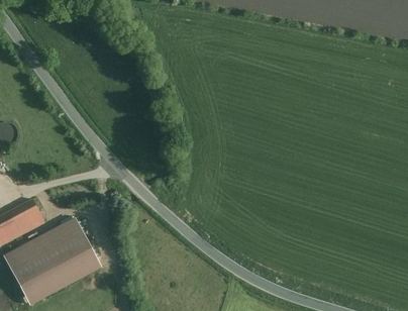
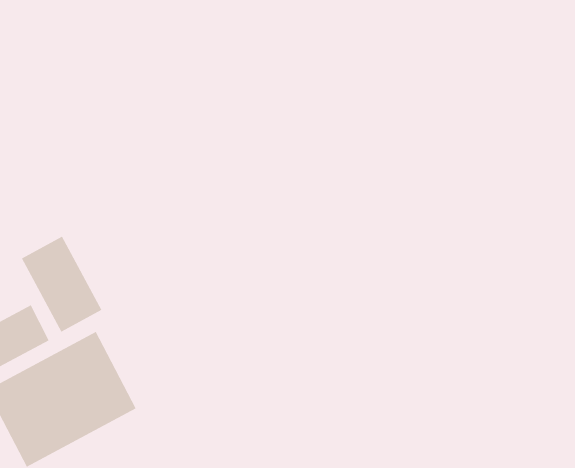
building: none -> [21,236,102,333]

